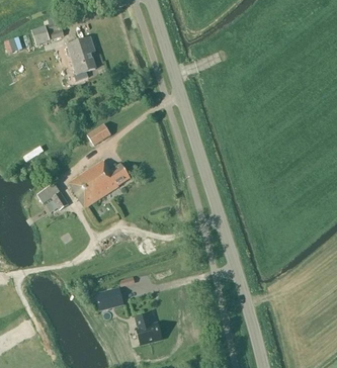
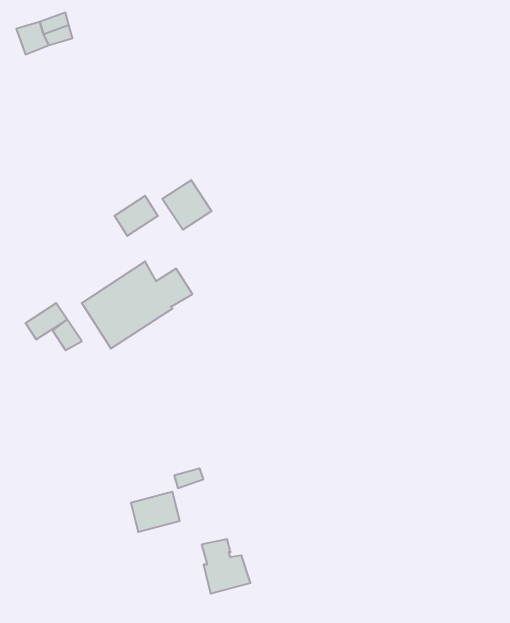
building: [65,37,94,80] -> none
building: none -> [162,180,212,230]

